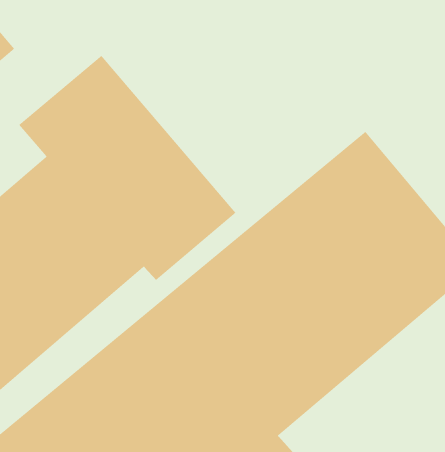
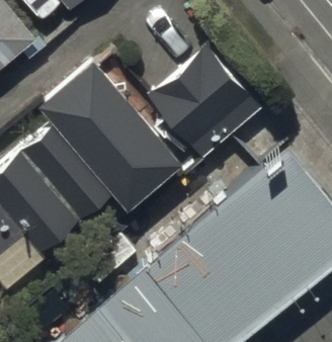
building: none -> [146,48,261,165]

